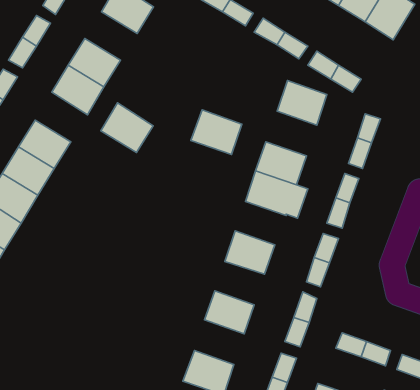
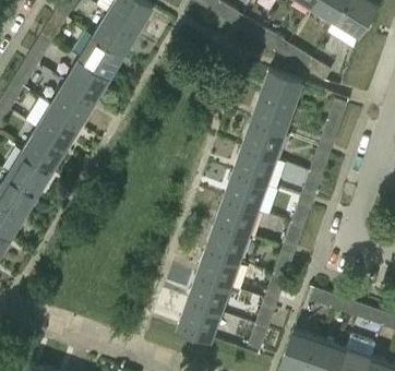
building: none -> [93,14,137,56]
building: [101,103,153,152] -> [50,83,95,125]
building: [191,110,242,155] -> [248,99,291,137]
building: none -> [222,177,265,214]
building: none -> [204,228,247,265]
building: none -> [187,278,229,316]

